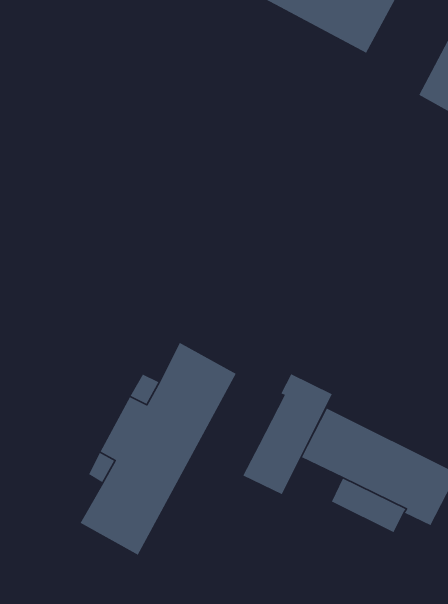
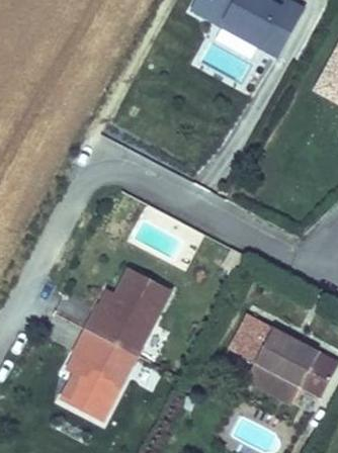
building: [242,373,333,495] -> none

